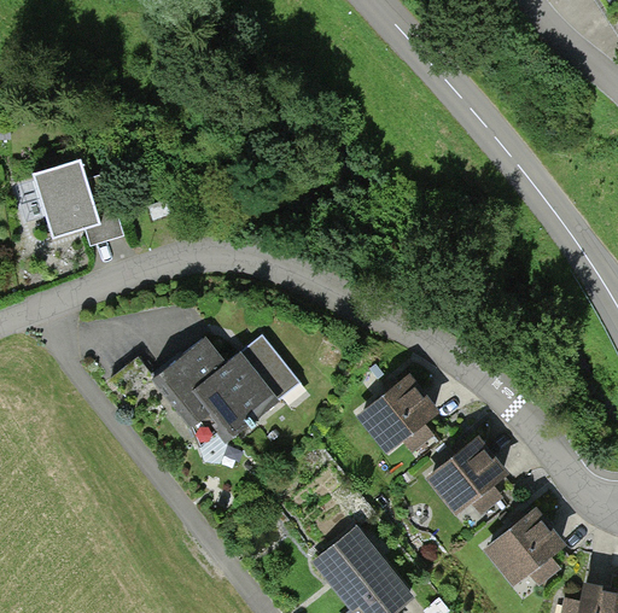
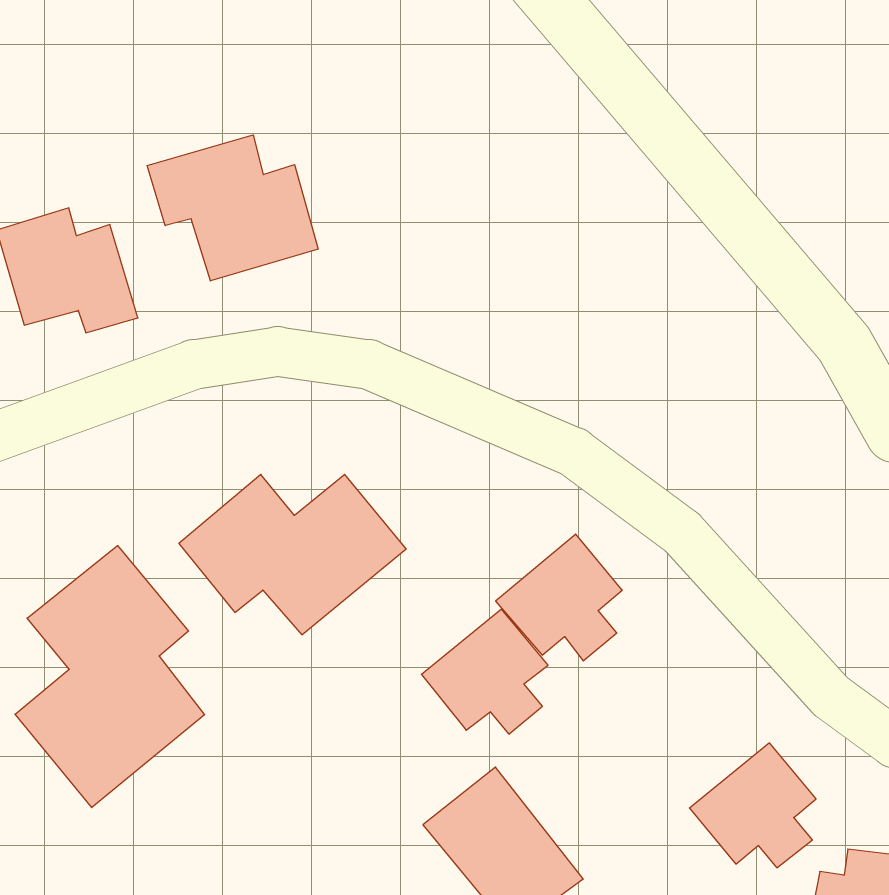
building: none -> [147,135,318,281]
building: none -> [15,546,205,808]
building: [428,439,511,520] -> [421,609,548,734]

